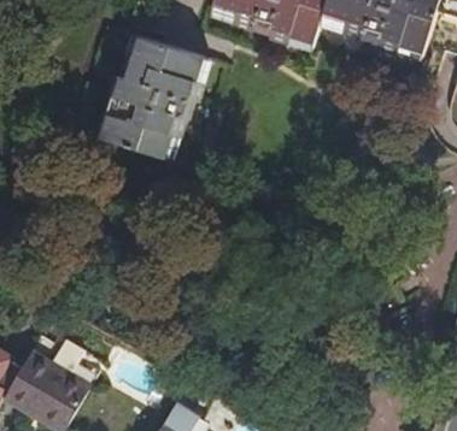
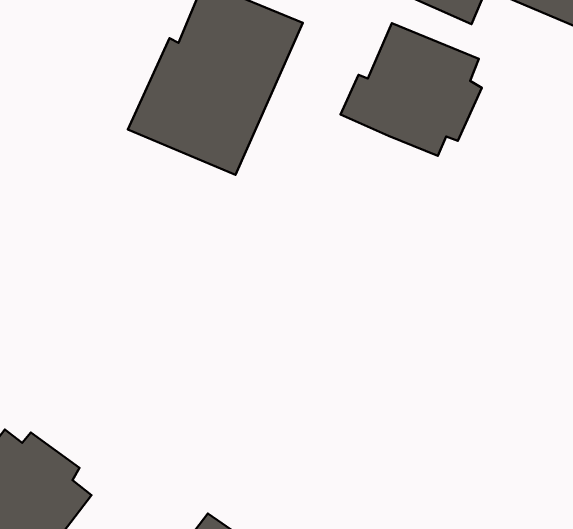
building: none -> [341,23,482,156]

